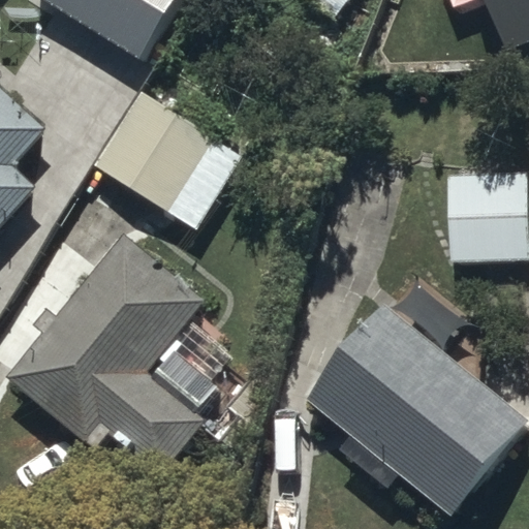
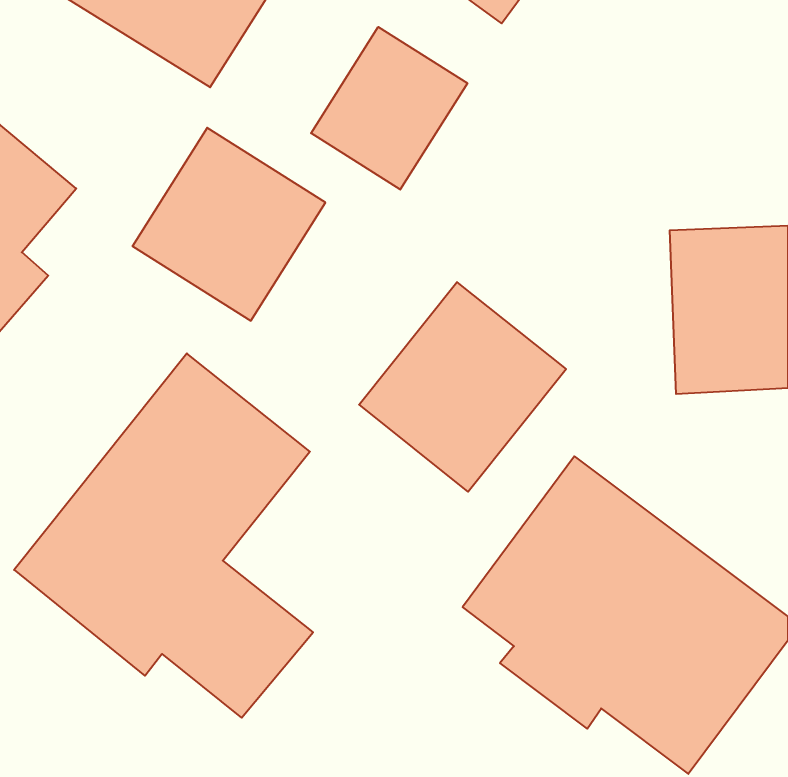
building: none -> [311,27,467,190]
building: none -> [359,282,566,492]

